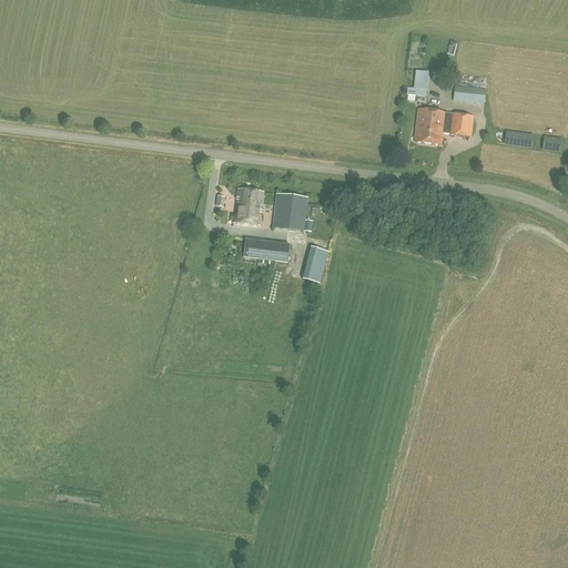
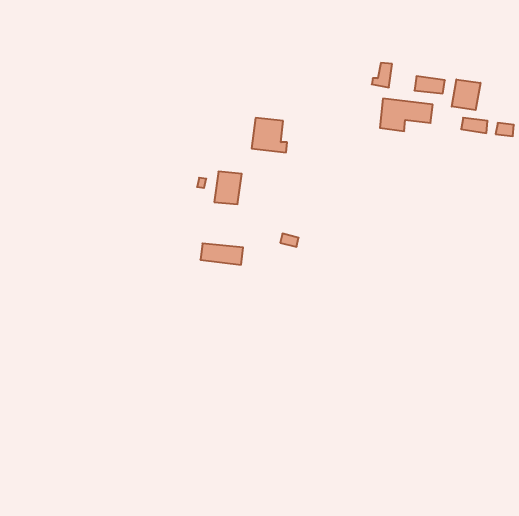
building: none -> [452,79,480,110]
building: [273,192,312,230] -> [252,118,287,152]
building: [243,237,290,261] -> [200,243,243,265]

